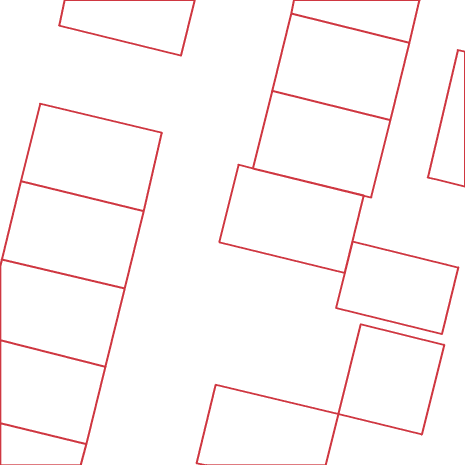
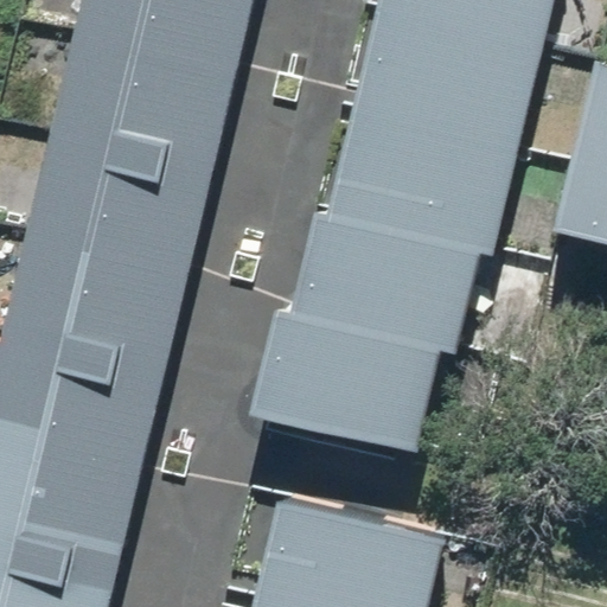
building: none -> [52,33,236,173]
building: none -> [245,312,439,454]
building: [336,241,458,334] -> none
building: [339,324,444,435] -> none

